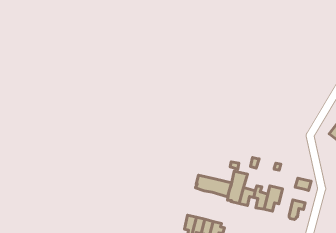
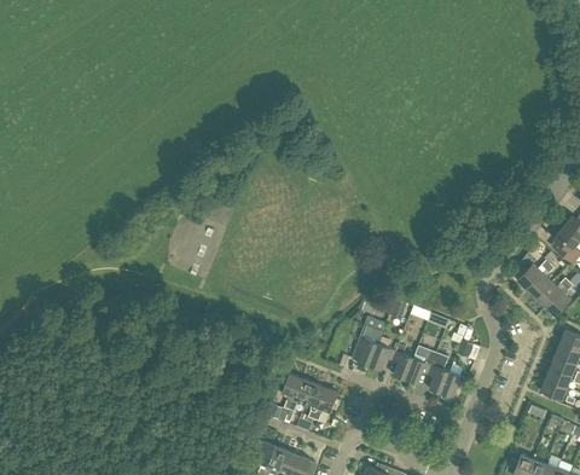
building: [195,175,231,197] -> none
building: none -> [428,352,450,393]

